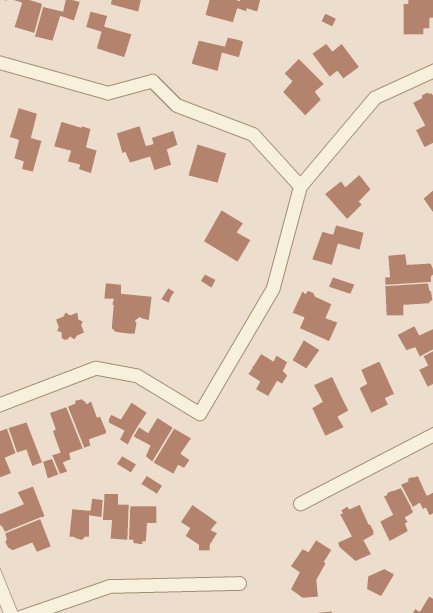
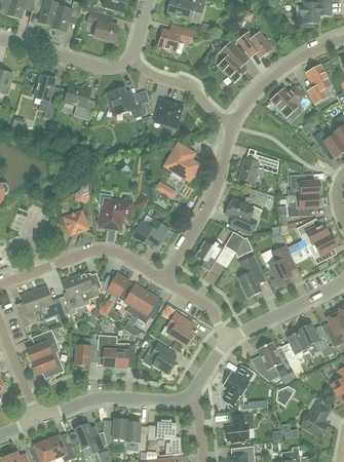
building: [324,174,372,220] -> [271,85,303,116]
building: none -> [133,215,168,245]
building: none -> [166,312,194,345]

